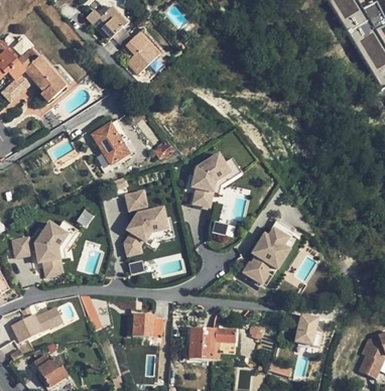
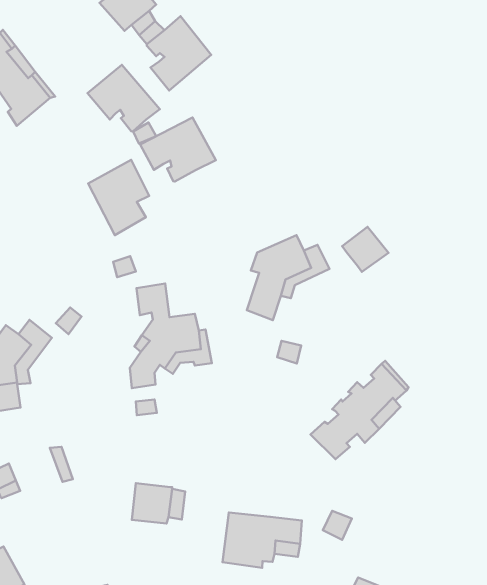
building: none -> [87,65,160,132]
building: none -> [140,118,216,182]
building: none -> [342,227,388,272]
building: [293,311,320,346] -> none

